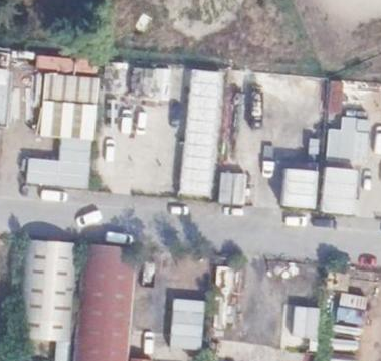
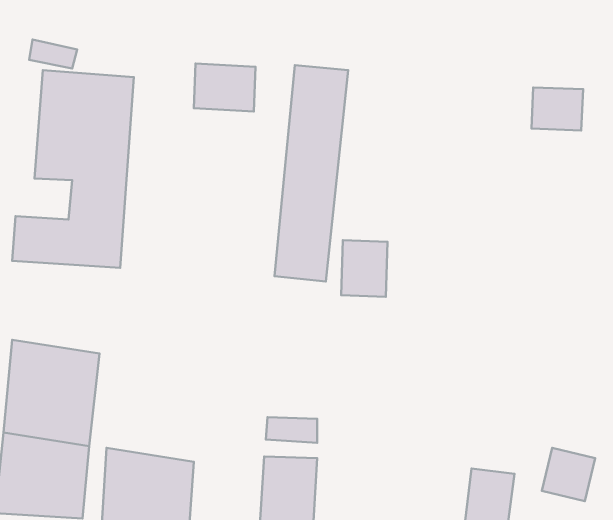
building: [326,117,370,165] -> none
building: [281,166,358,212] -> none
building: [81,242,136,302] -> none

